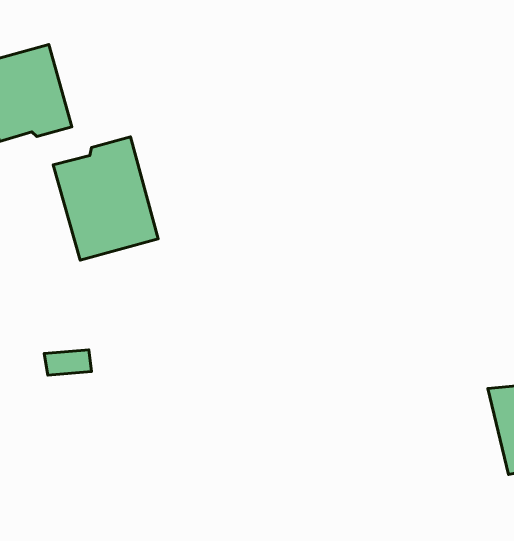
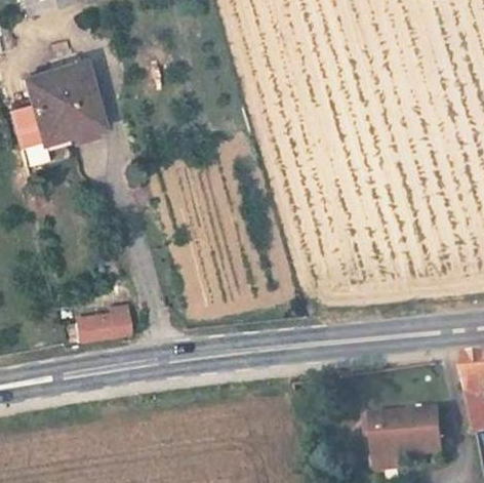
building: [53,137,158,260] -> none
building: none -> [373,416,444,464]

